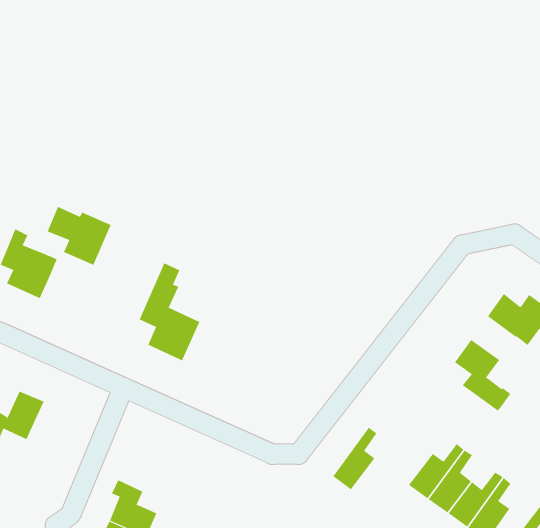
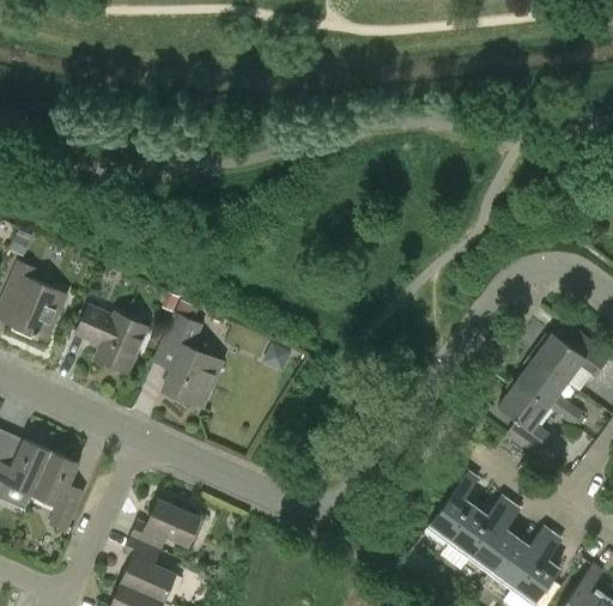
building: [47,206,111,265] -> [75,307,146,371]
building: none -> [516,358,582,425]
building: none -> [31,452,78,529]
building: [332,427,377,490] -> [427,473,477,543]
building: none -> [131,499,199,550]

